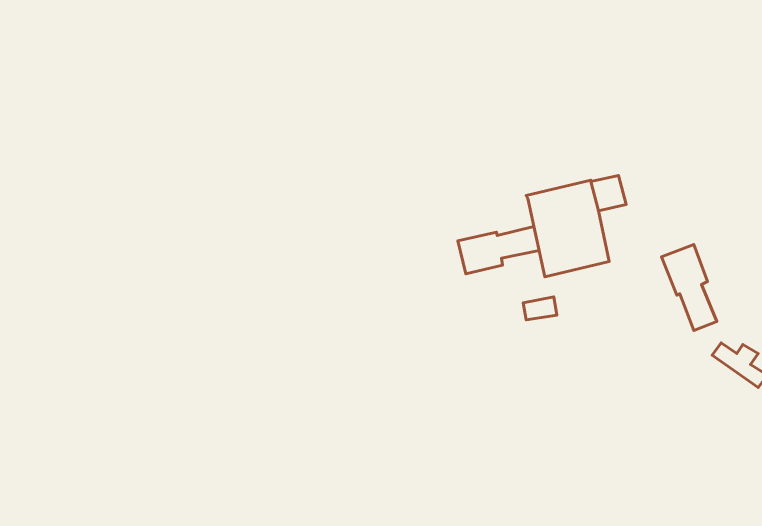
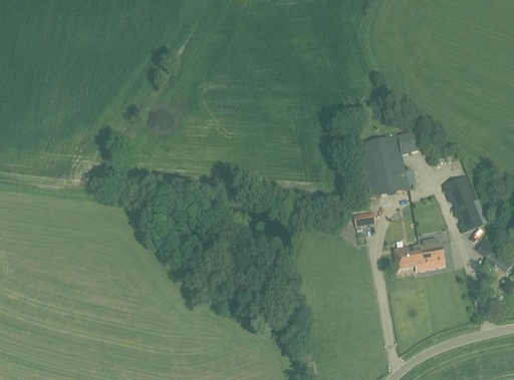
building: [458,227,539,274] -> none
building: none -> [395,243,444,270]

